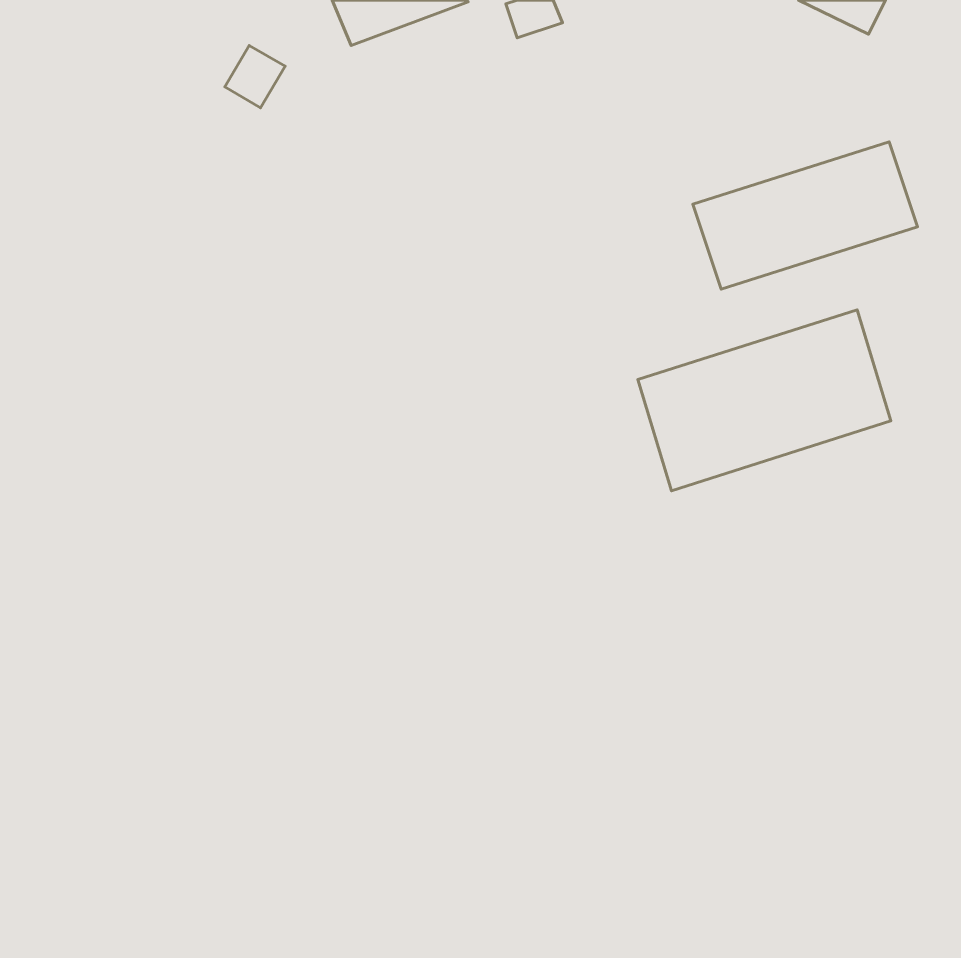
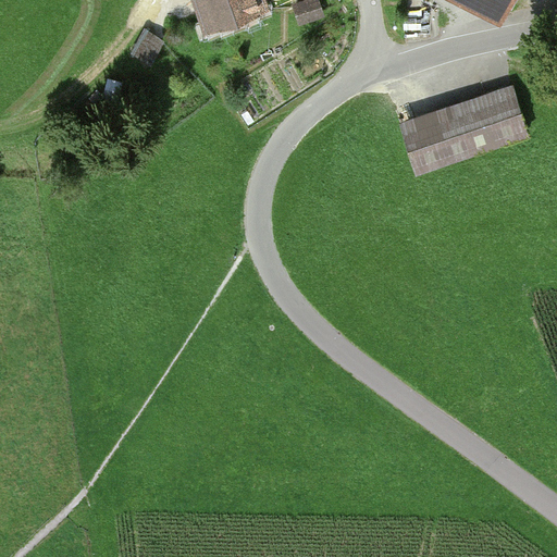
building: [638,310,891,491] -> none

